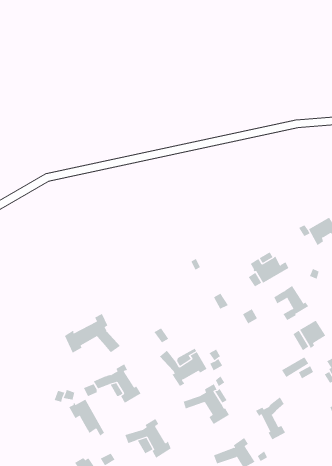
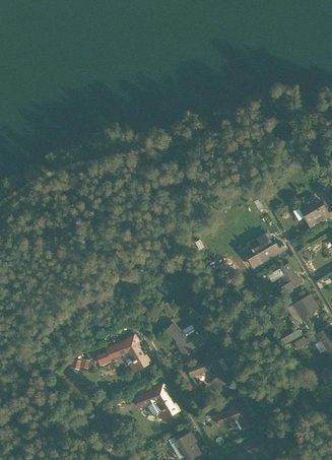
building: [64,313,121,353] -> none
building: [255,396,286,440] -> none
building: [69,398,105,437] -> none

